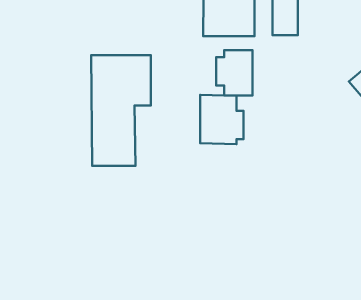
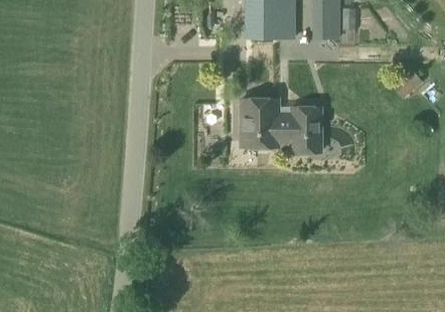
building: [216,50,252,95] -> [285,107,321,152]
building: [91,55,151,166] -> none

